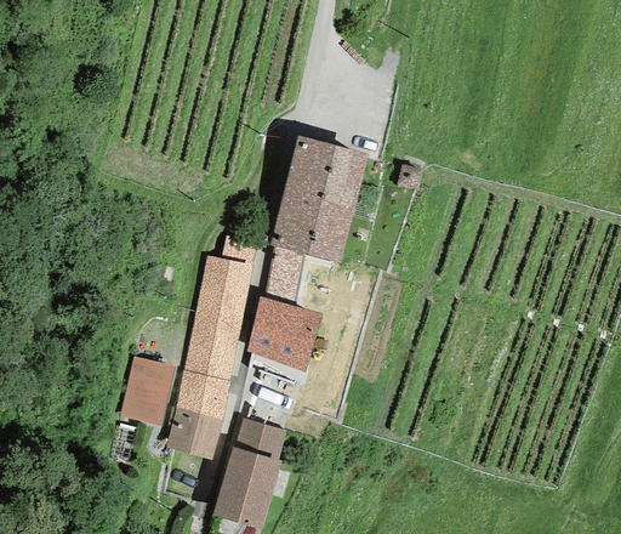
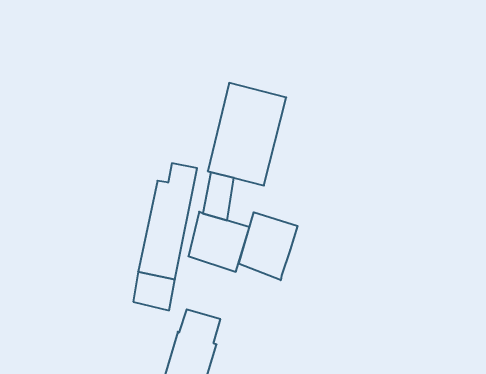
building: none -> [239,212,298,280]
building: [120,358,175,425] -> none
building: [166,409,222,460] -> none

